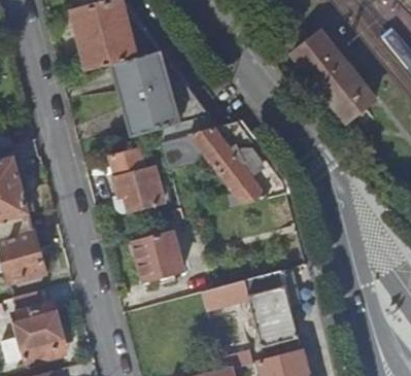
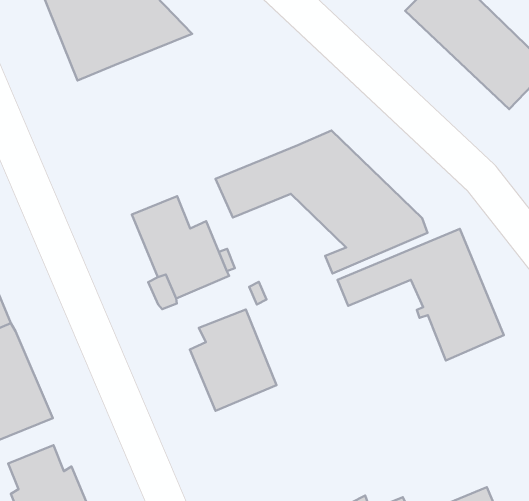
building: [111,53,215,142] -> none
building: [202,271,298,349] -> [338,229,504,360]

